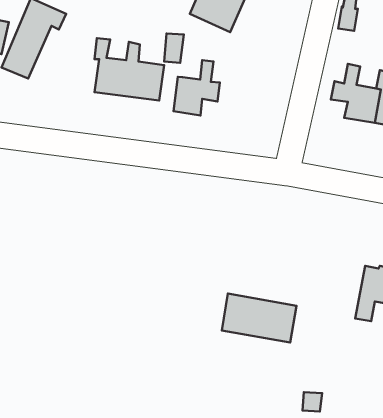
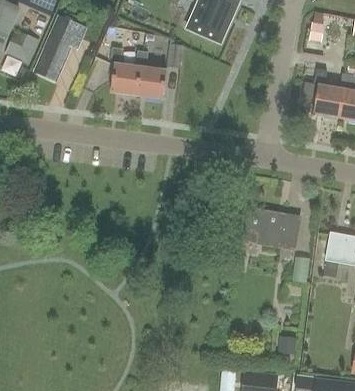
building: [173,60,220,116] -> none
building: [222,294,296,343] -> [238,207,299,247]

